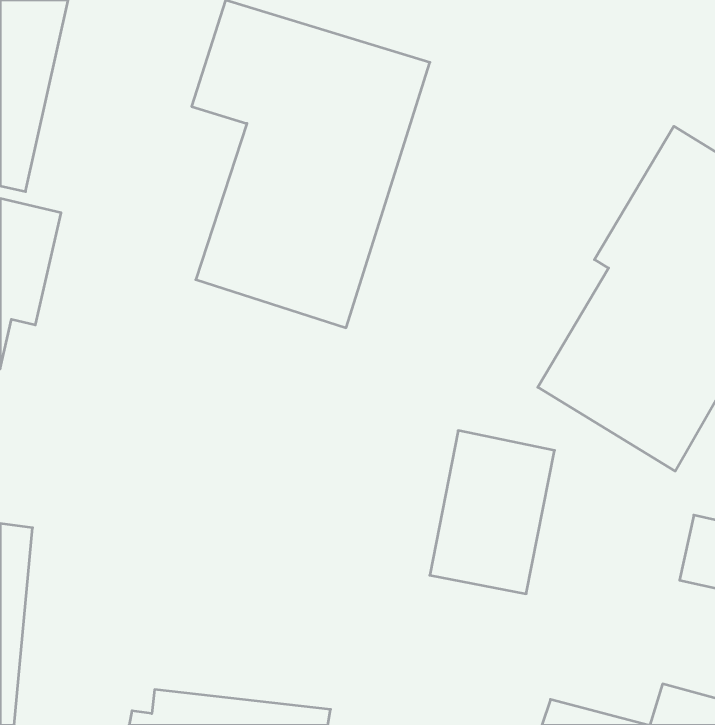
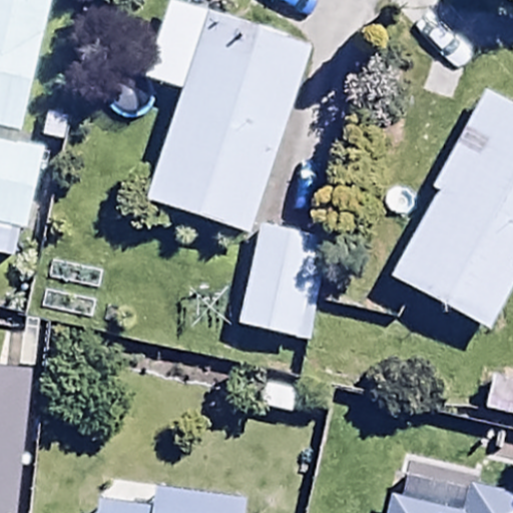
building: [430,431,555,594] -> [240,221,329,337]

